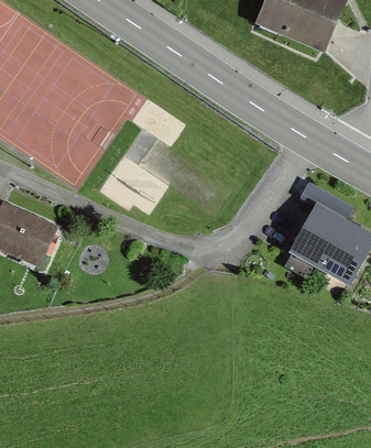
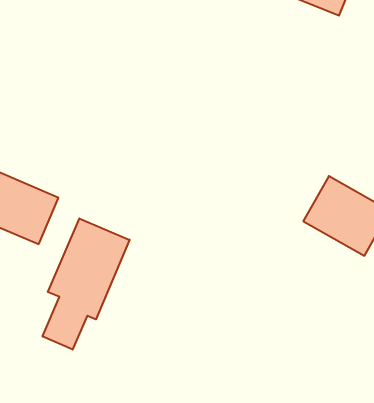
building: none -> [43,218,130,350]

